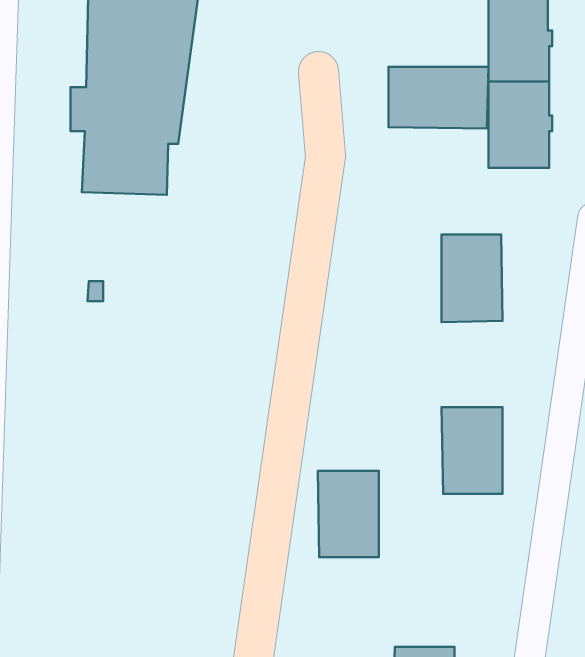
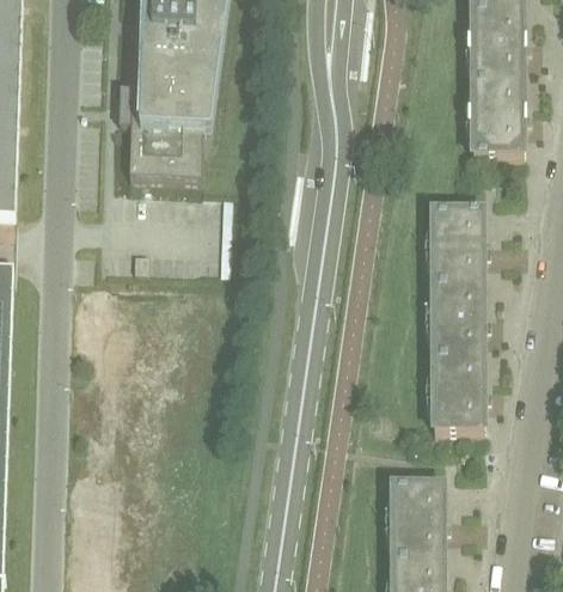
building: [388,67,488,128] -> none
building: none -> [432,283,483,356]
building: [318,471,379,557] -> [391,486,442,559]

